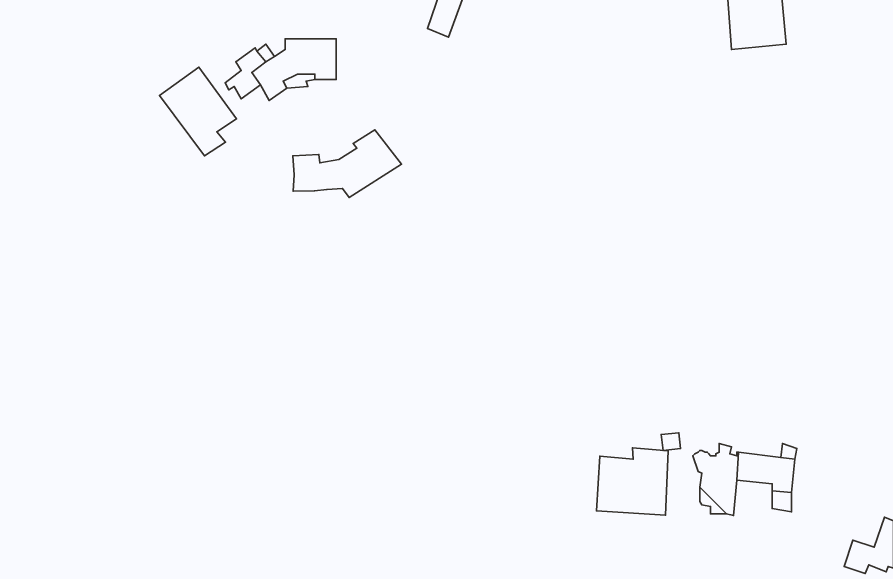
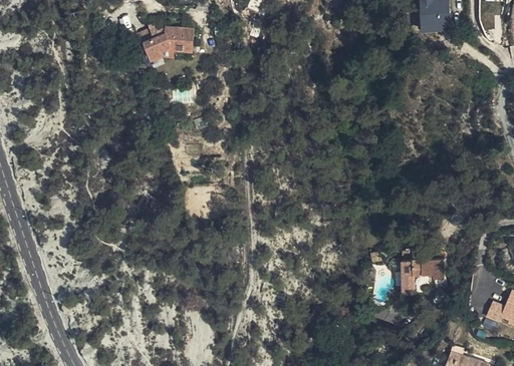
building: [160,67,236,156] -> none
building: [293,130,401,198] -> none
building: [596,448,668,515] -> none

